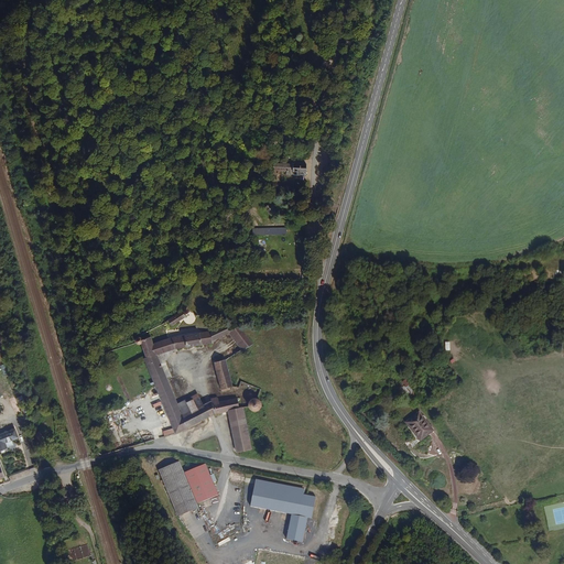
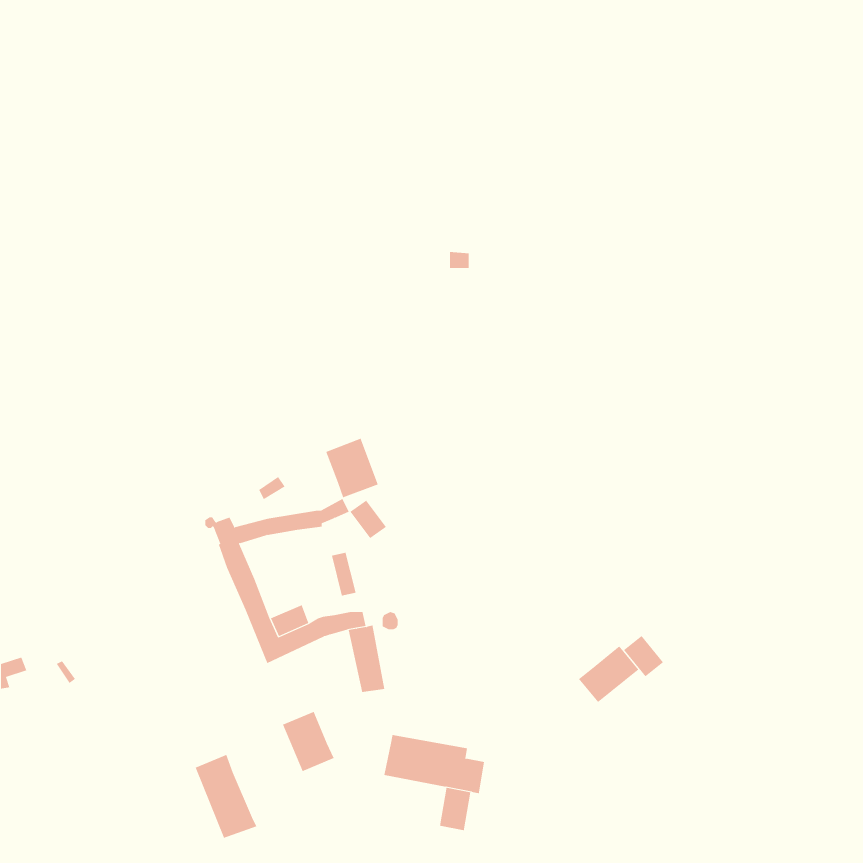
building: none -> [325,438,378,498]
building: none -> [578,646,639,703]
building: [159,460,199,516] -> [195,754,257,838]

